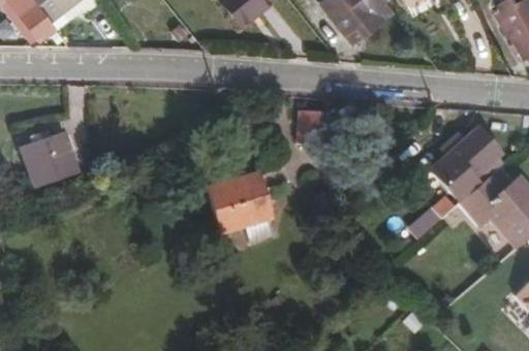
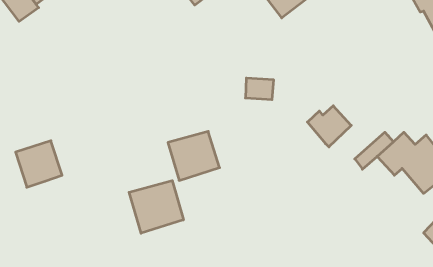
building: [447,130,500,180] -> [307,106,351,147]
building: [22,133,77,189] -> [16,141,62,187]
building: none -> [129,181,183,233]

